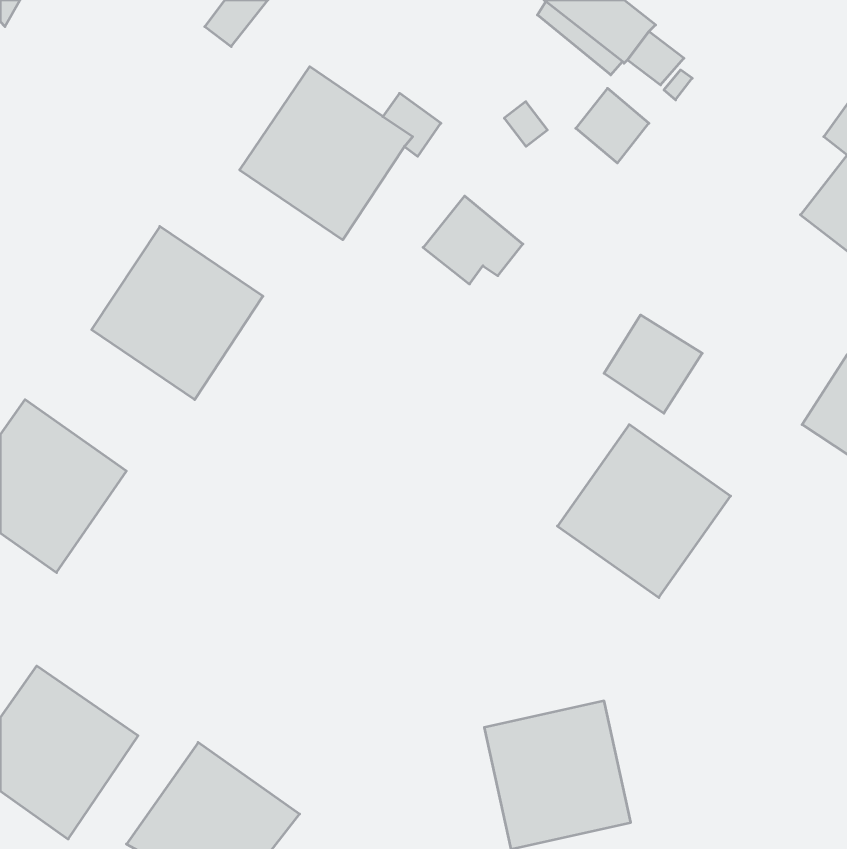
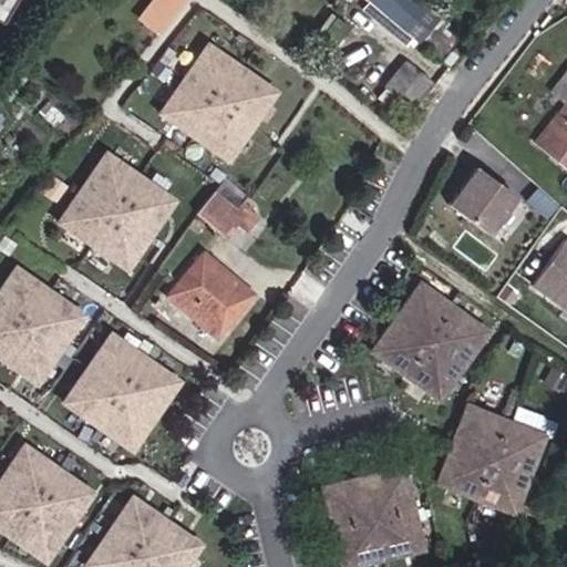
building: [423,196,523,284] -> [197,179,264,238]
building: [604,315,702,413] -> [447,171,513,236]
building: none -> [171,255,252,336]
building: none -> [66,333,182,449]
building: none -> [440,404,547,512]

